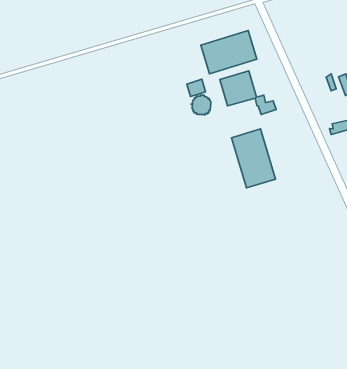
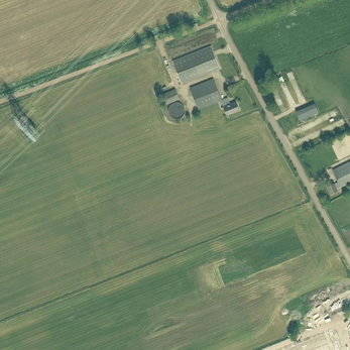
building: [231,129,275,188] -> none

